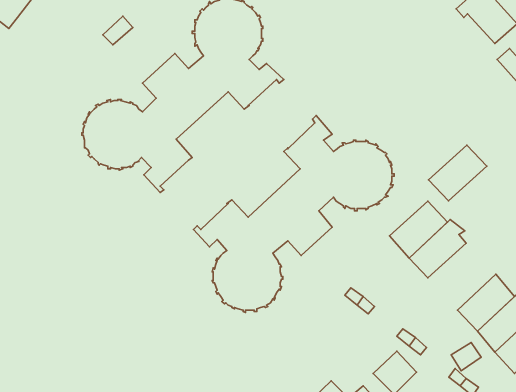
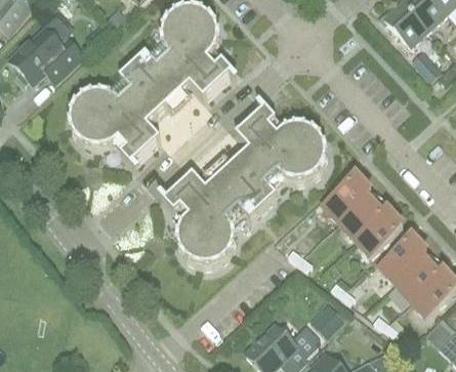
building: none -> [9,27,84,83]
building: [429,145,487,201] -> [356,210,404,256]

